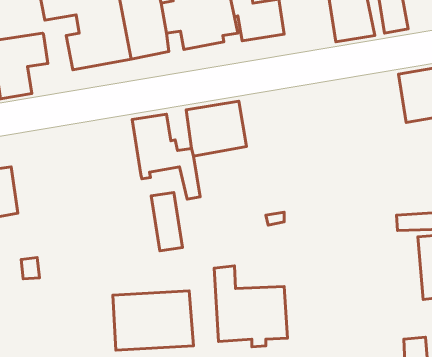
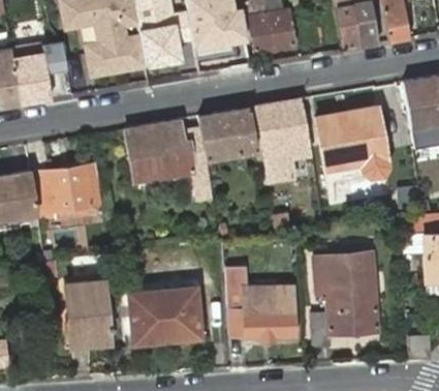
building: none -> [257,98,311,182]
building: none -> [318,108,385,168]
building: none -> [34,166,91,218]
building: [151,193,183,251] -> [126,125,156,181]
building: none -> [311,255,377,347]
building: none -> [65,280,113,344]

